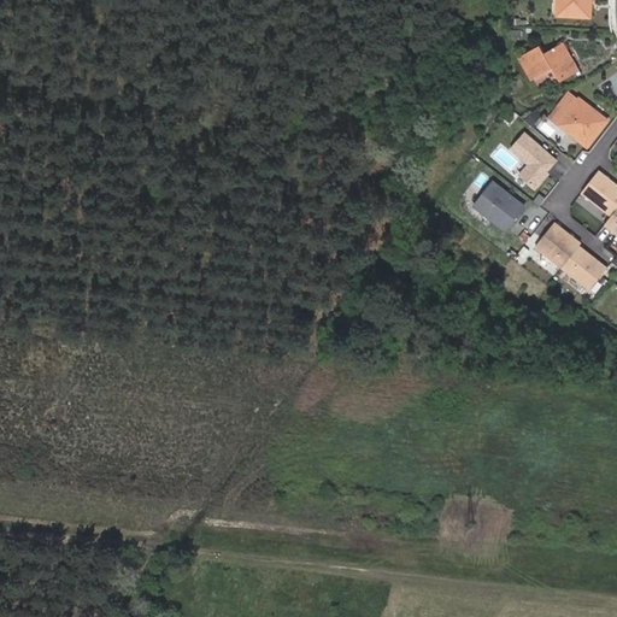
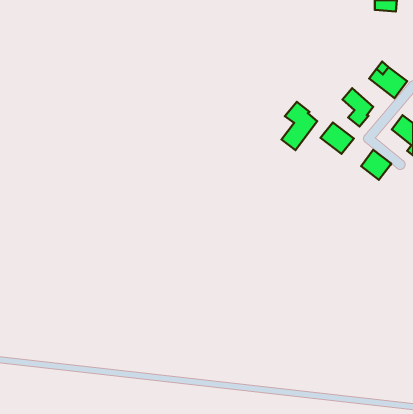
building: [516,42,577,87] -> none
building: none -> [281,102,317,150]
building: [563,246,607,289] -> none

